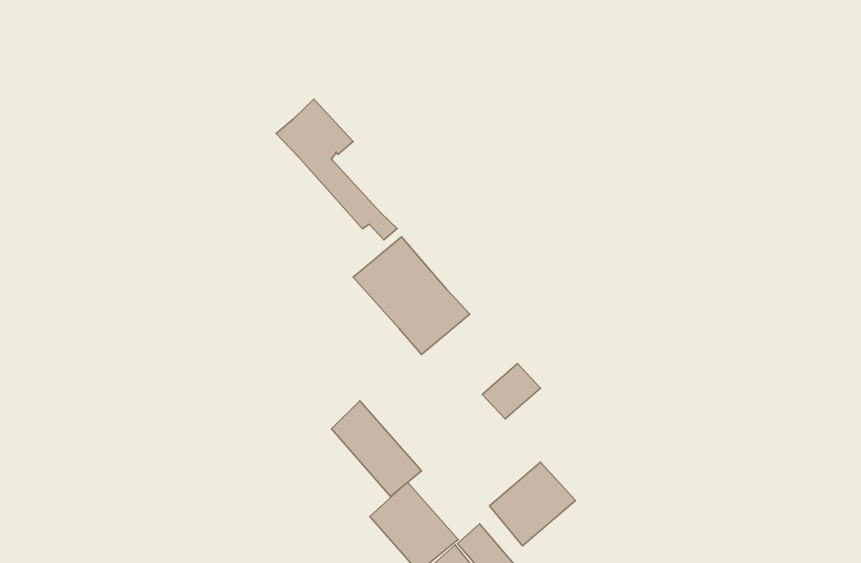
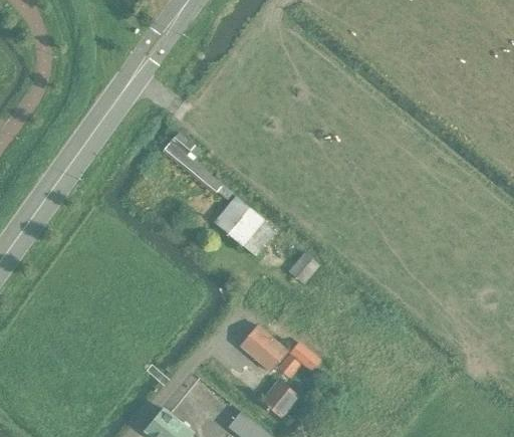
building: [331,401,421,496] -> none
building: [489,462,575,546] -> none

